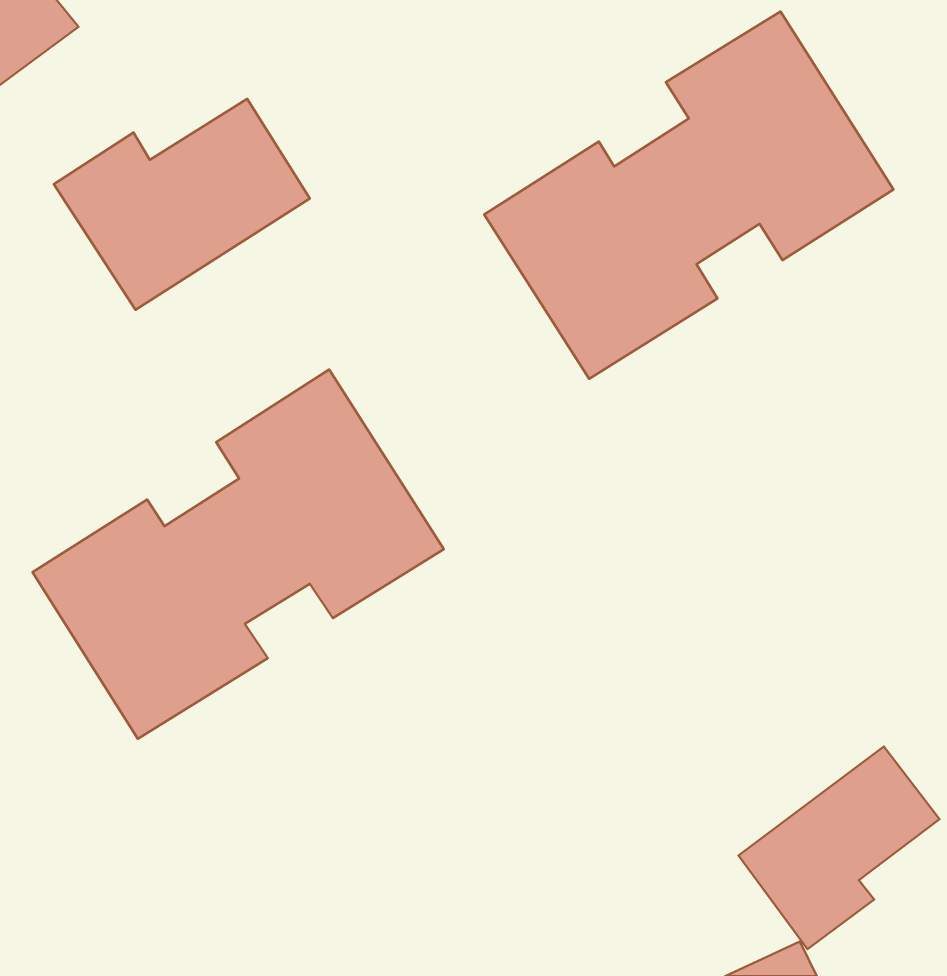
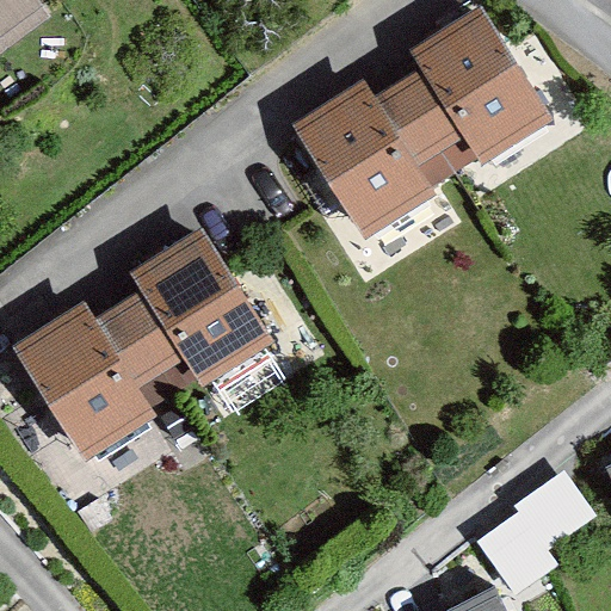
building: [54,99,310,310] -> none

